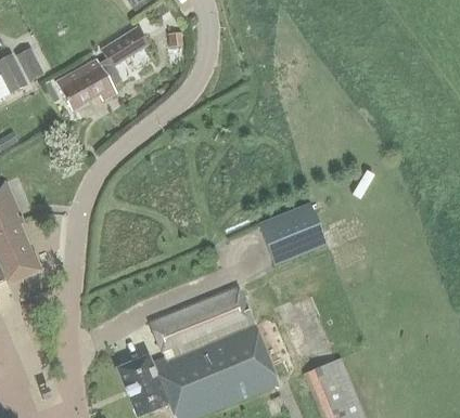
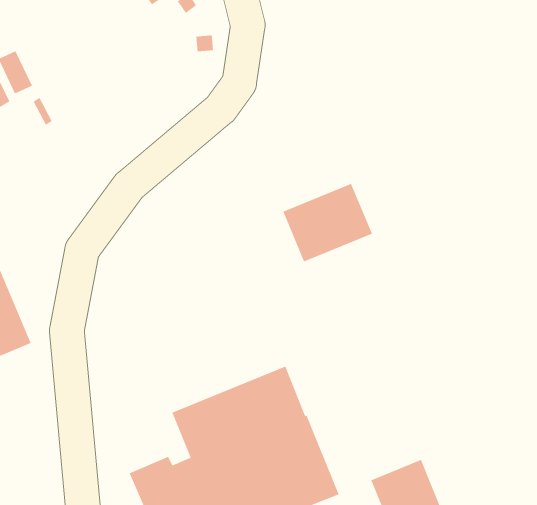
building: [54,28,148,112] -> none
building: [257,205,327,265] -> [282,183,373,262]

